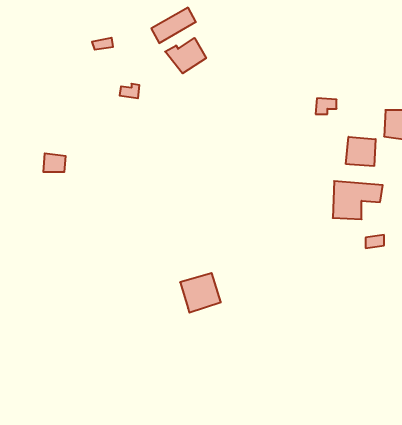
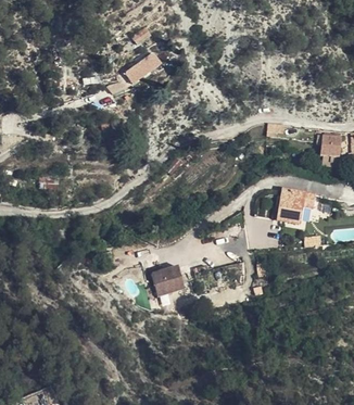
building: [165,38,206,73] -> none
building: [346,137,376,166] -> none

